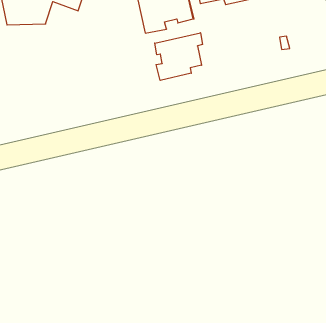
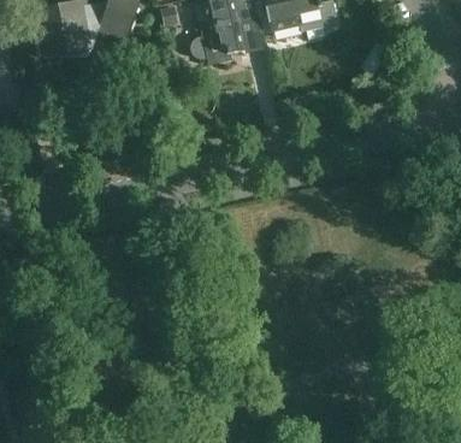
building: [155,33,202,80] -> none

